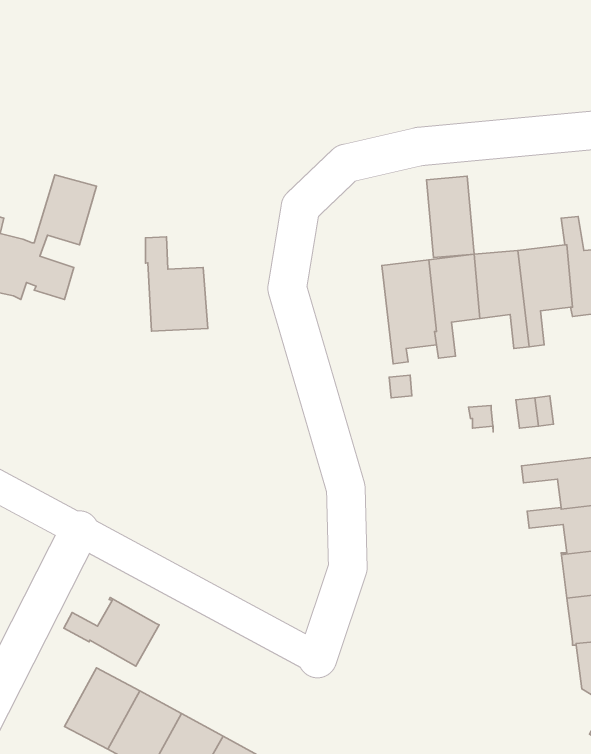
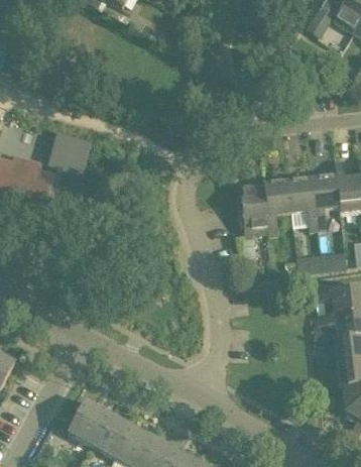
building: [427,176,474,258] -> none
building: [145,237,208,331] -> none
building: [64,598,159,666] -> none

